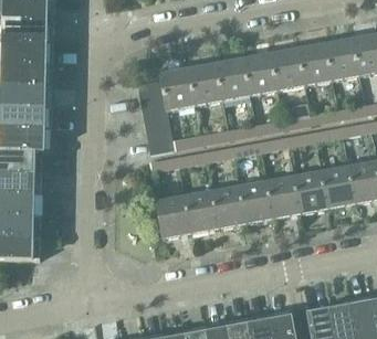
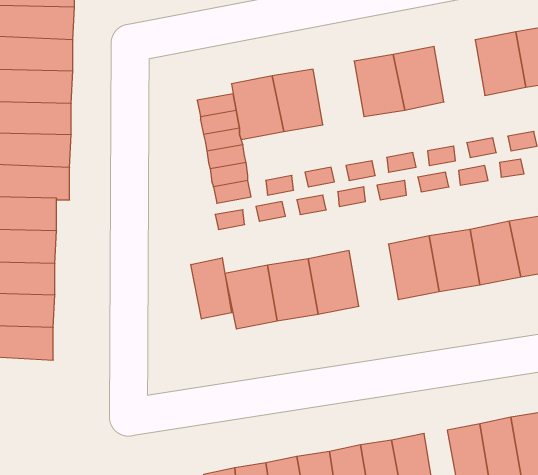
building: [295,43,329,85] -> none
building: [213,57,248,100] -> none
building: [238,181,271,223] -> none
building: none -> [191,258,232,319]

